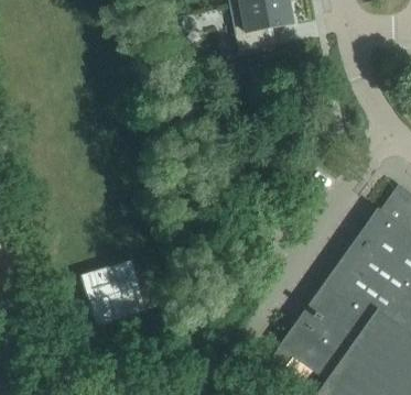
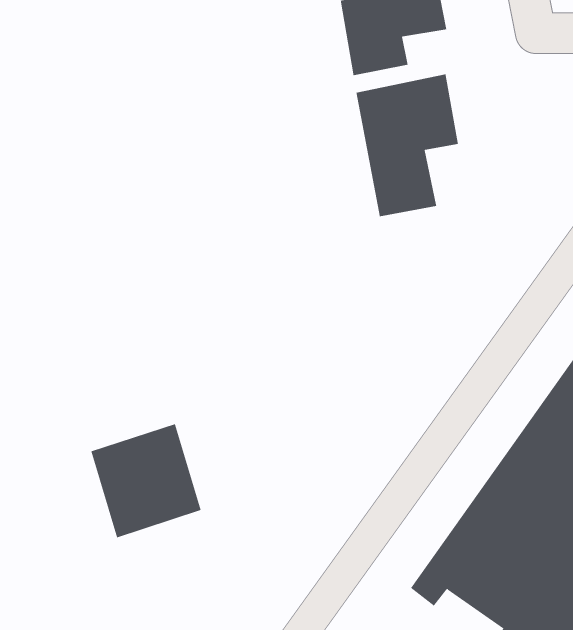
building: none -> [356,73,458,217]

